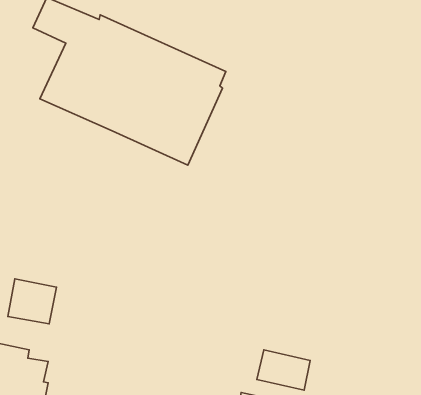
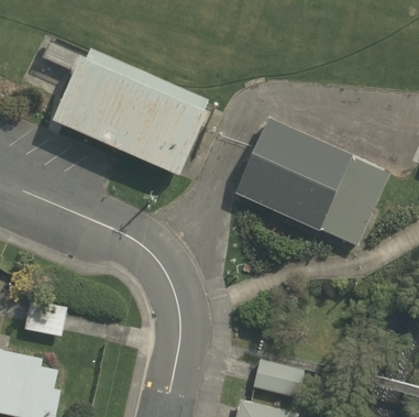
building: none -> [234,119,390,250]

